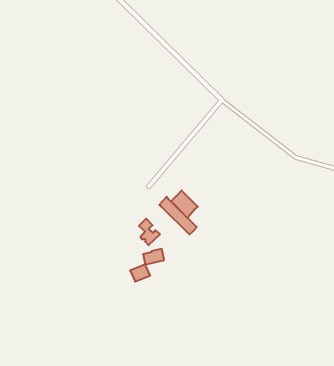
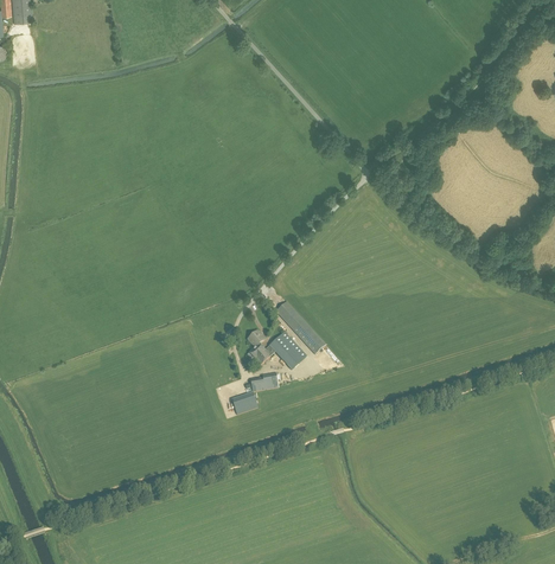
building: [171,190,198,218] -> [268,332,305,370]

